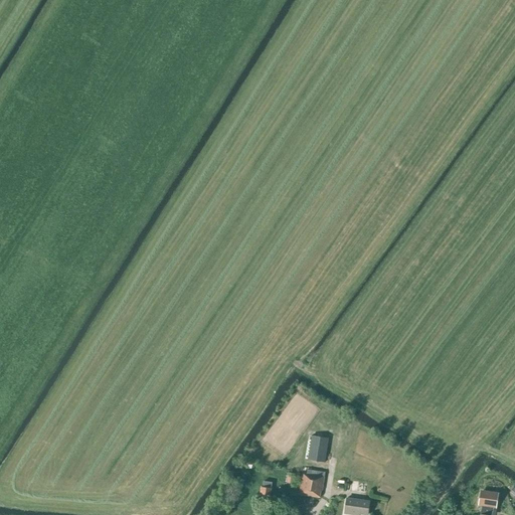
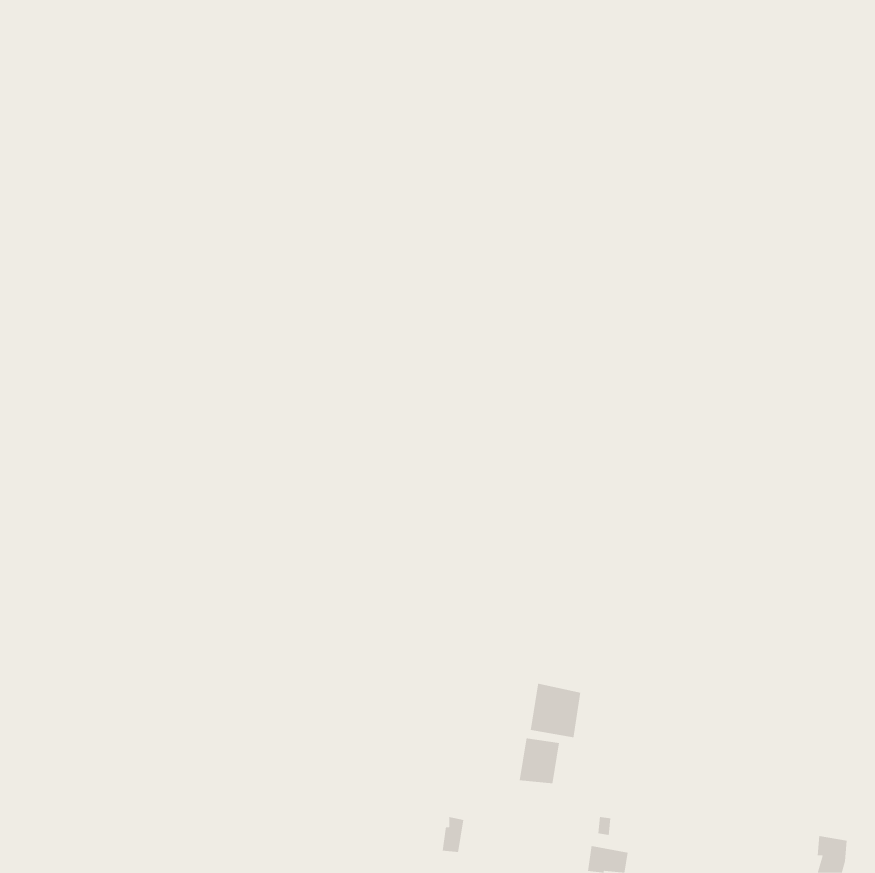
building: none -> [530,683,581,738]
building: [299,469,325,497] -> none

